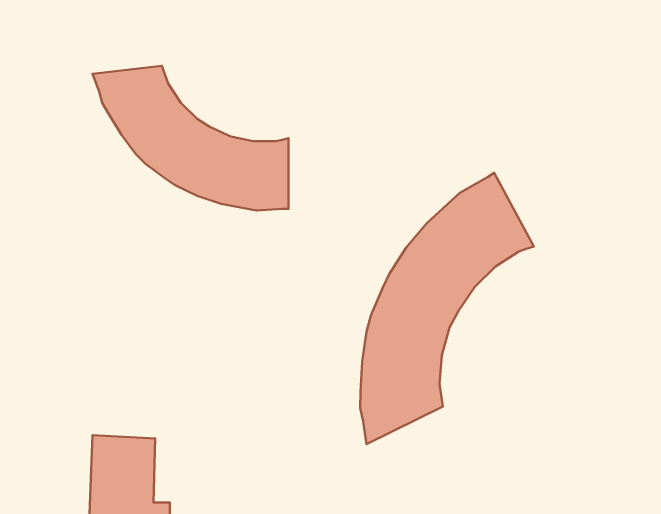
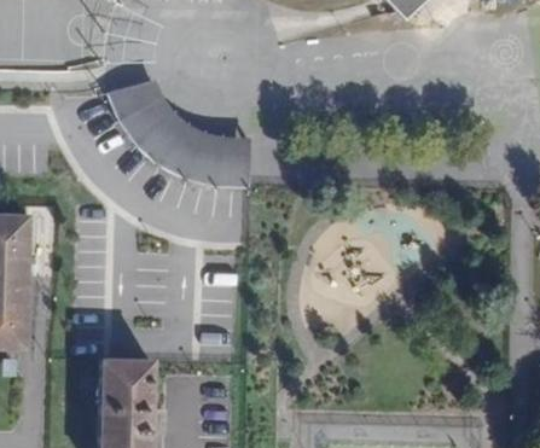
building: [360,173,534,444] -> none

